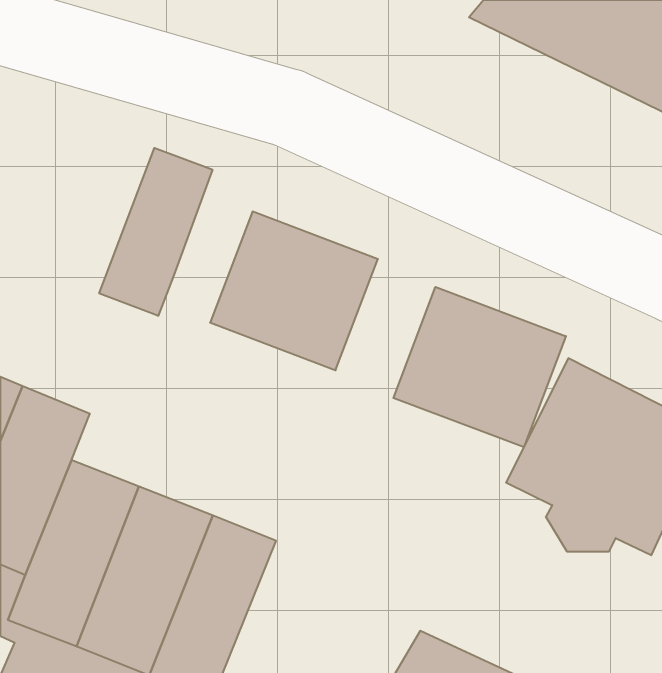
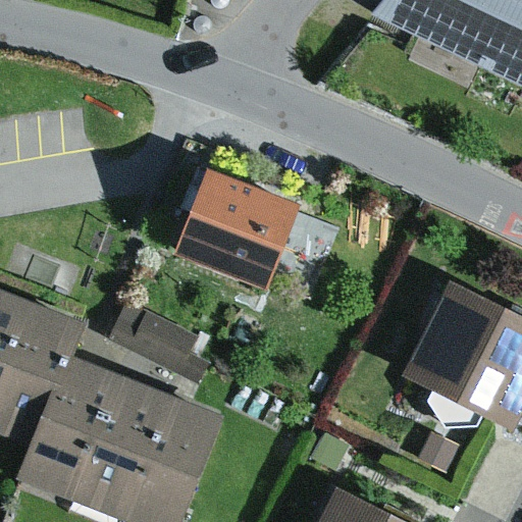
building: [99,148,212,316] -> none
building: [393,287,566,447] -> none
building: none -> [110,299,212,383]

